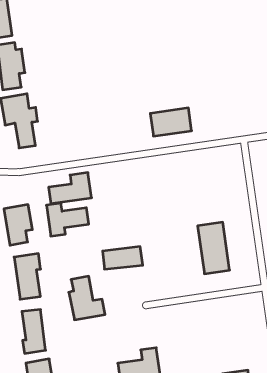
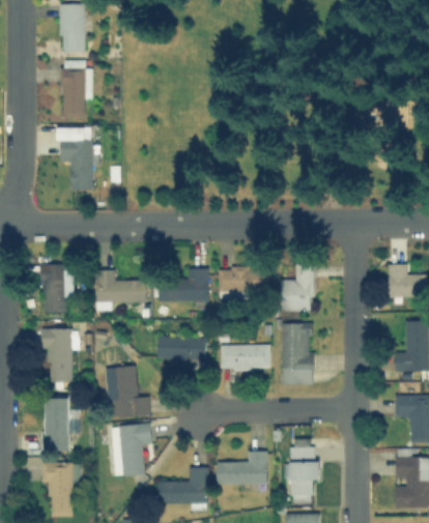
building: [150,108,192,136] -> [219,267,267,296]
building: [49,173,92,203] -> [158,269,209,301]
building: none -> [281,265,314,311]
building: none -> [221,346,270,371]
building: none -> [285,439,320,502]
building: none -> [119,424,152,476]
building: none -> [218,452,266,484]

